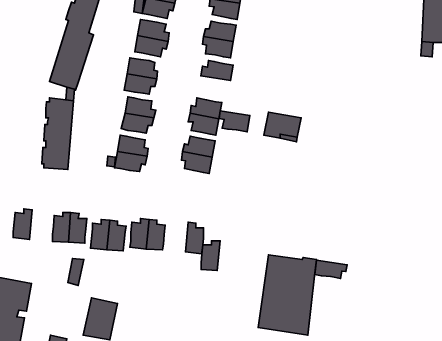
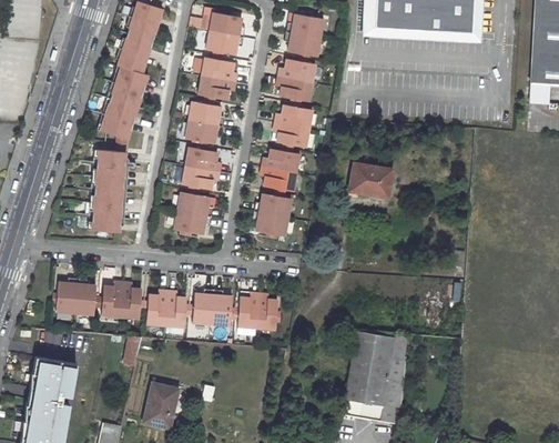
building: [219,111,250,132] -> [274,123,309,148]
building: none -> [77,279,98,314]
building: [201,241,220,271] -> [238,293,261,328]
building: [315,260,347,278] -> none

